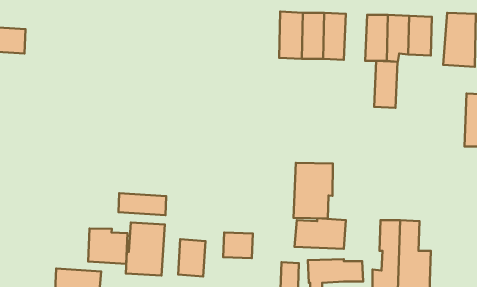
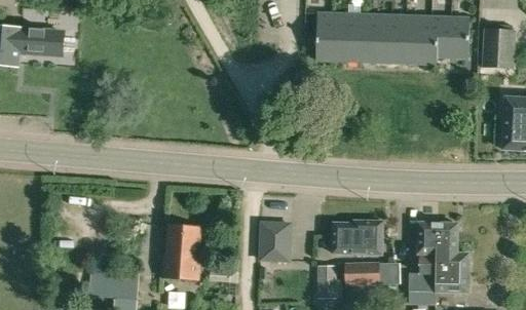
building: [374,61,398,108] -> [381,15,405,63]
building: [294,163,333,218] -> none
building: [119,193,166,215] -> none
building: [88,229,127,264] -> none
building: [178,239,205,276] -> none

